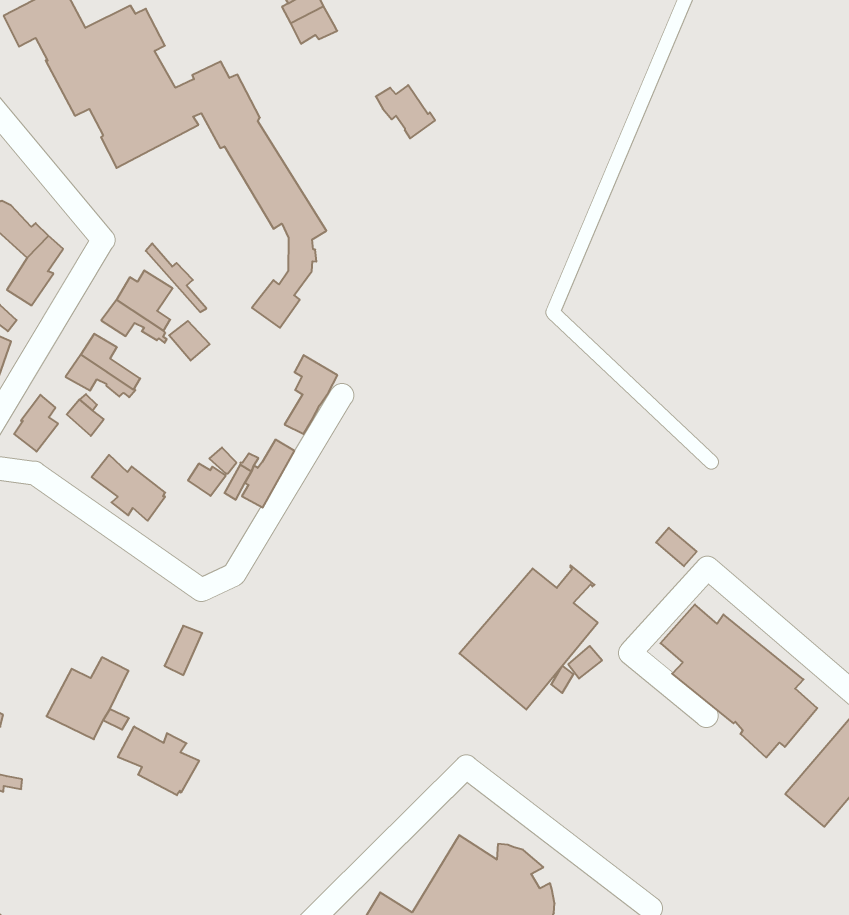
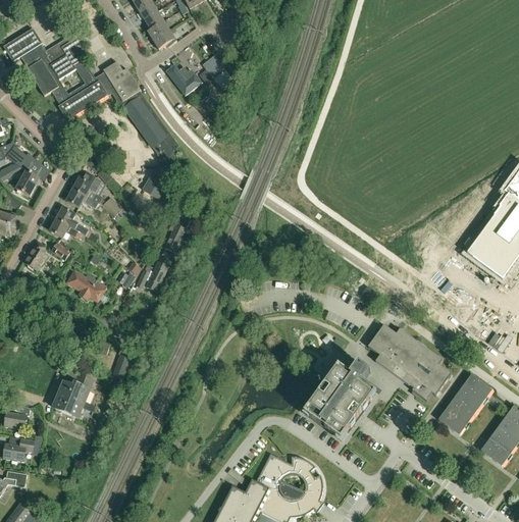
building: none -> [164,53,203,94]
building: [459,565,598,710] -> [304,363,374,439]
building: [118,726,199,795] -> none

